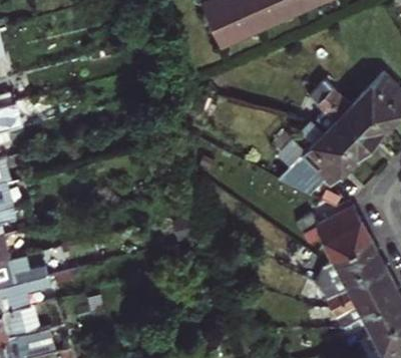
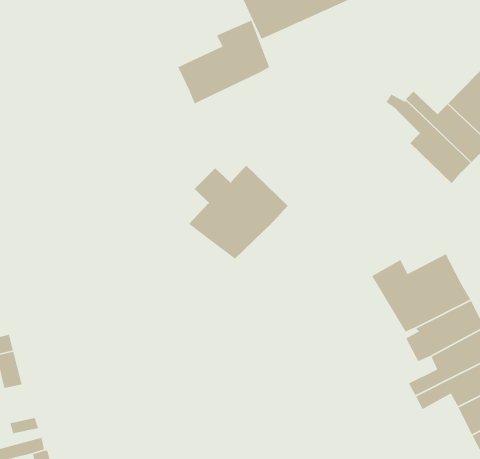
building: none -> [177,20,270,105]
building: [288,130,359,198] -> [188,165,289,259]

